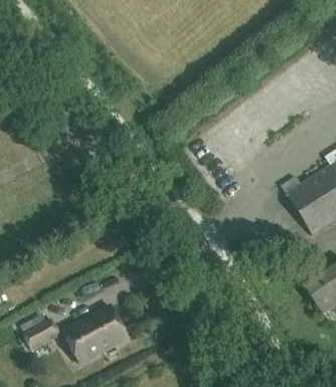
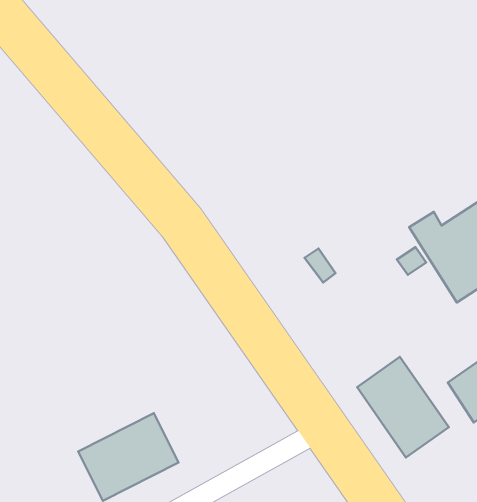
building: none -> [357,357,449,457]
building: [22,318,60,351] -> none

